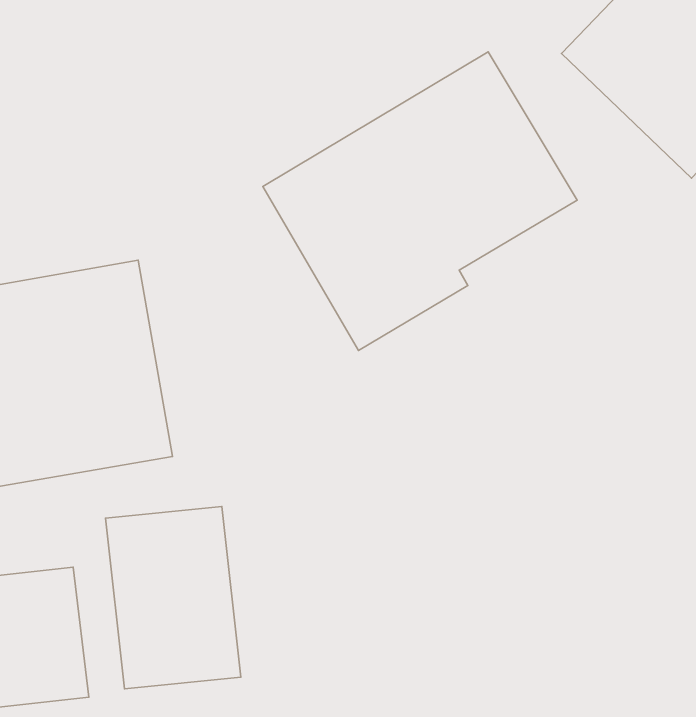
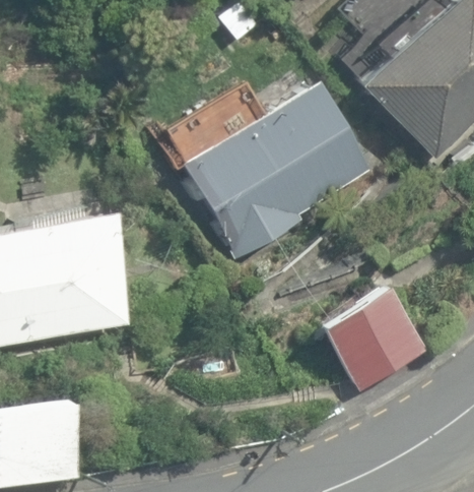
building: none -> [323,288,425,391]
building: [106,507,241,689] -> none

